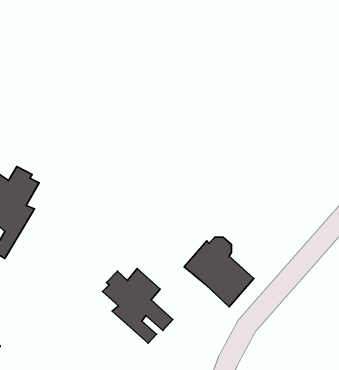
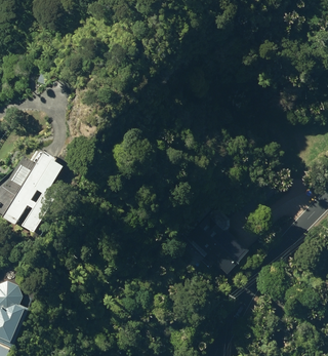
building: [102,269,173,343] -> none

